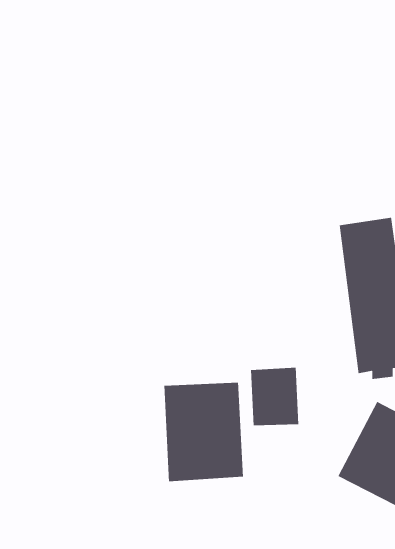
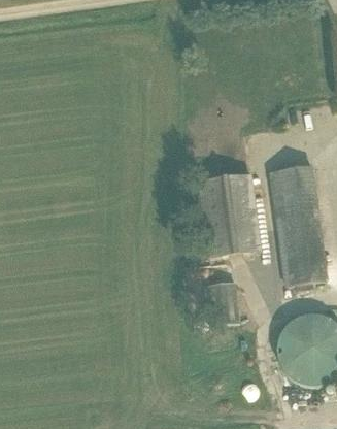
building: none -> [197,173,262,258]
building: [164,382,243,482] -> none

